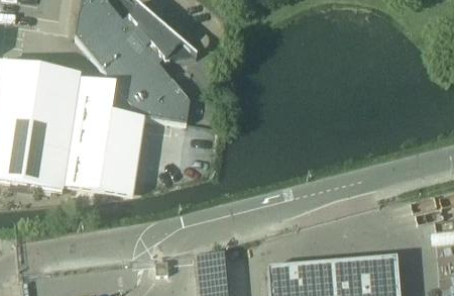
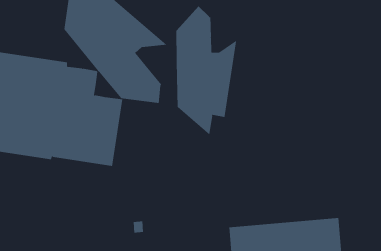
building: none -> [176,6,237,136]

